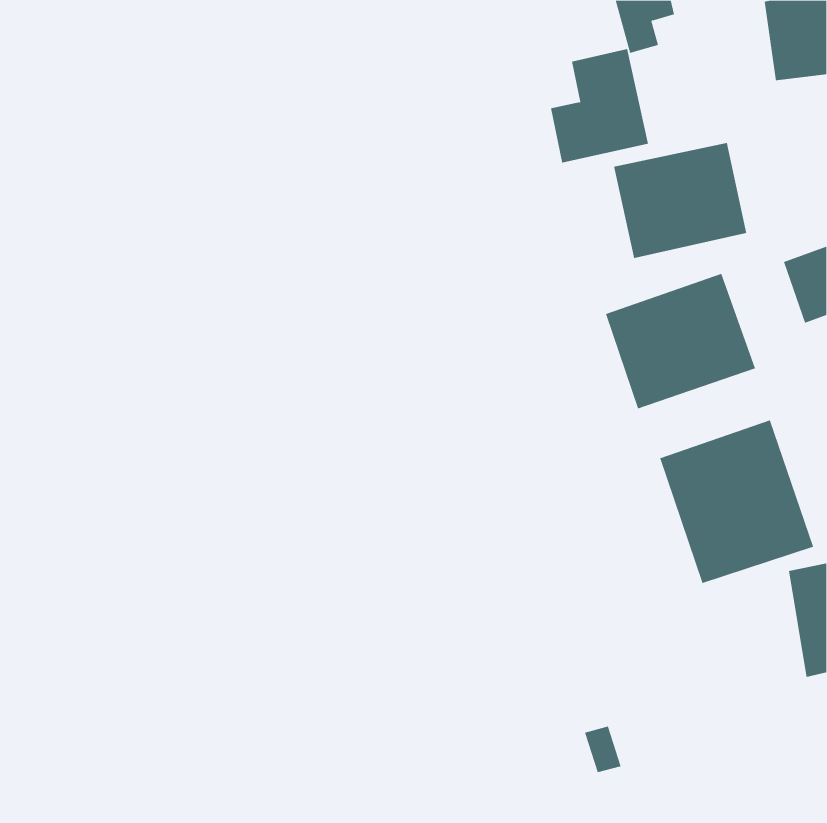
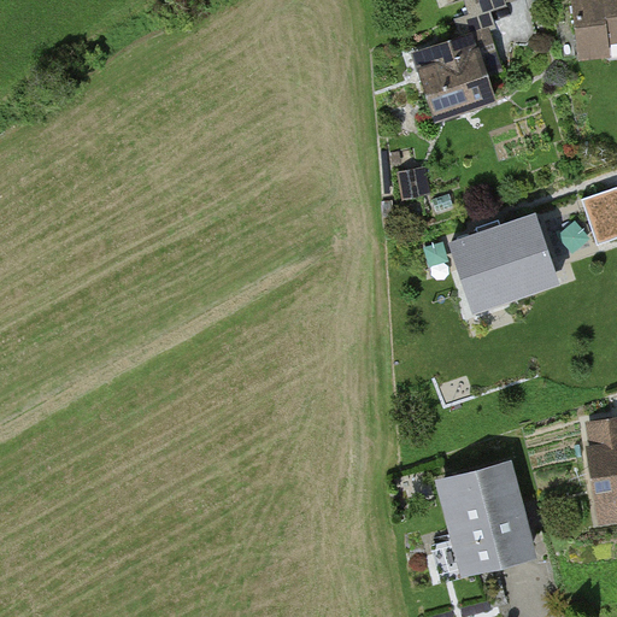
building: [614,142,747,259] -> none
building: [660,420,814,584] -> none
building: none -> [443,469,531,572]

